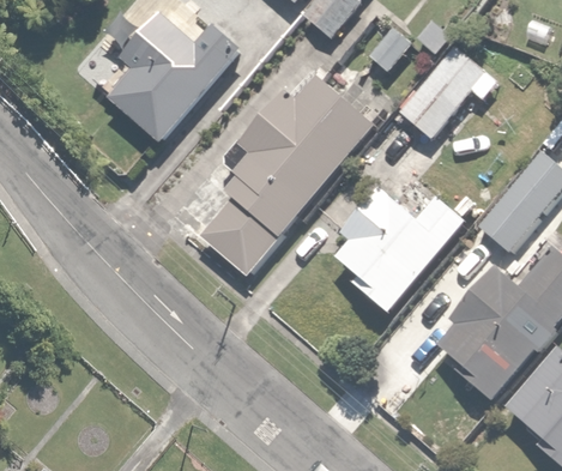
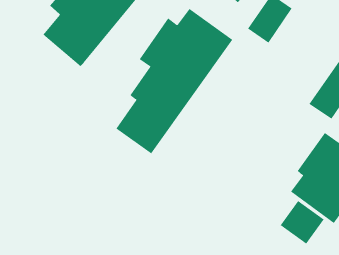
building: [337,185,469,314] -> none
building: none -> [280,200,324,245]

